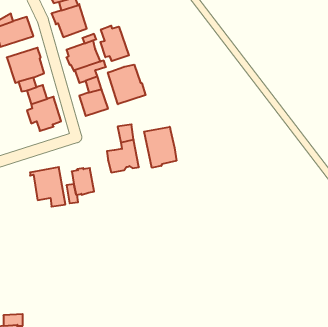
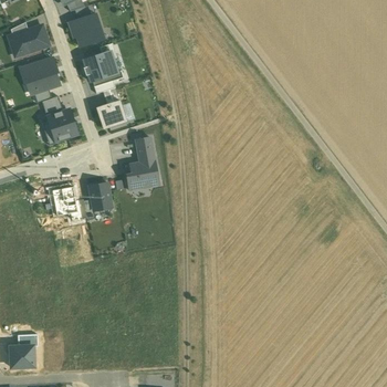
building: [100,26,129,61] -> none
building: [108,65,146,104] -> none
building: [144,127,176,168] -> none

